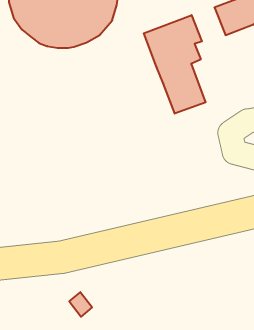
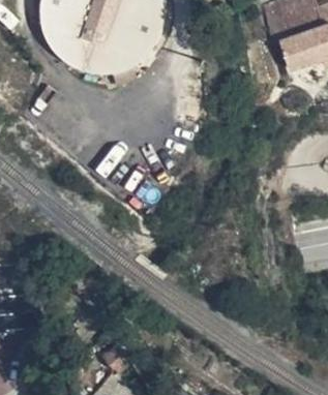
building: [144,15,206,114] -> none

